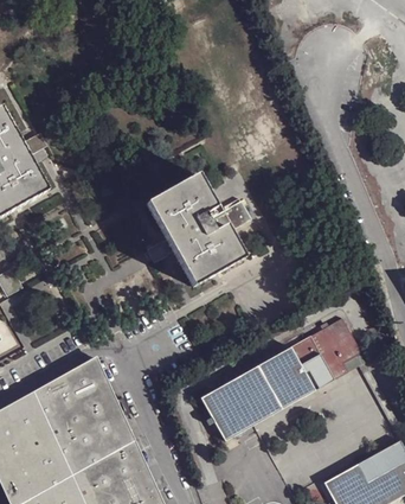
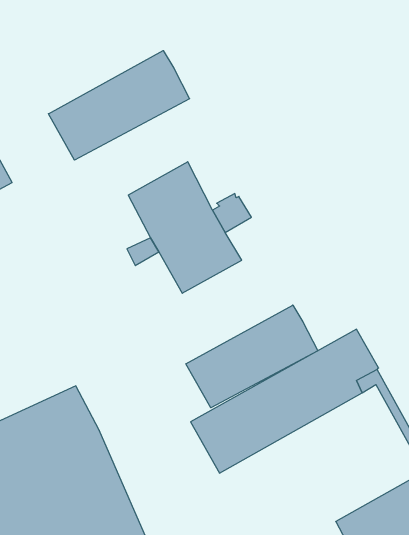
building: none -> [48,51,190,160]
building: none -> [186,305,318,408]

